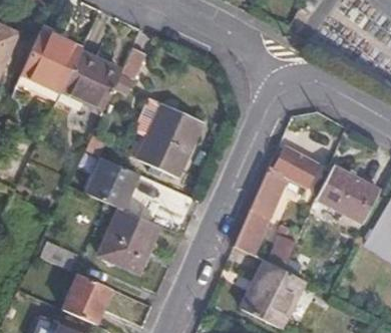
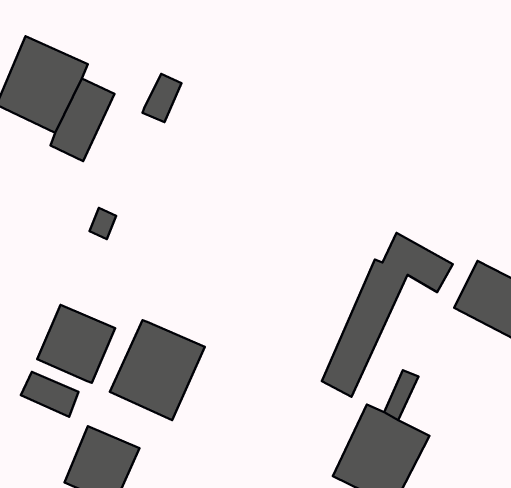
building: [80,61,119,113] -> none
building: [135,103,199,177] -> none
building: [86,157,136,208] -> [37,305,115,383]

